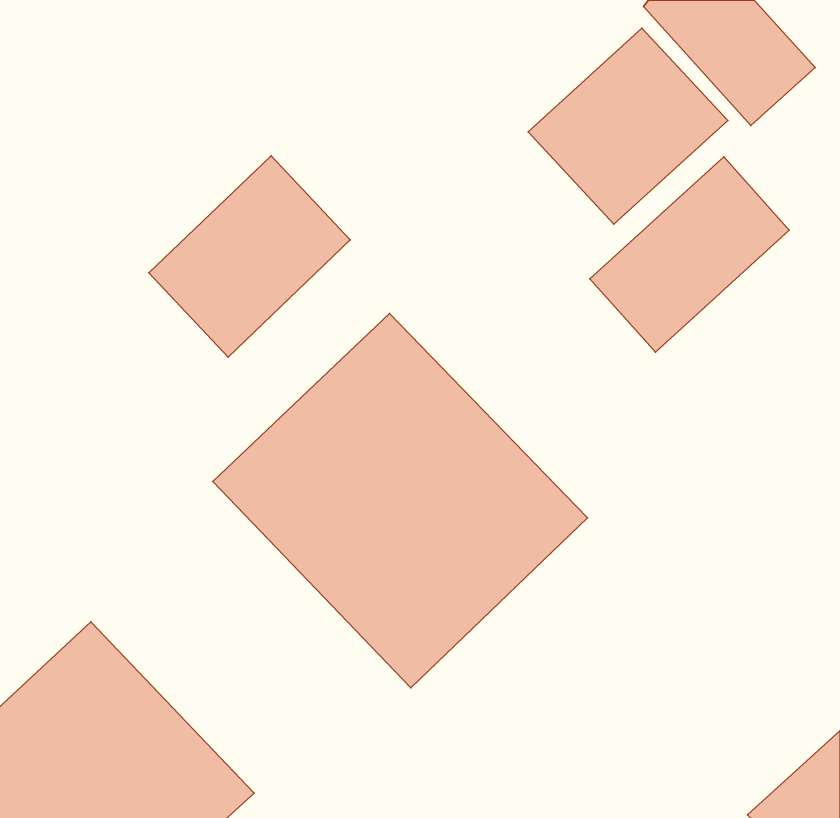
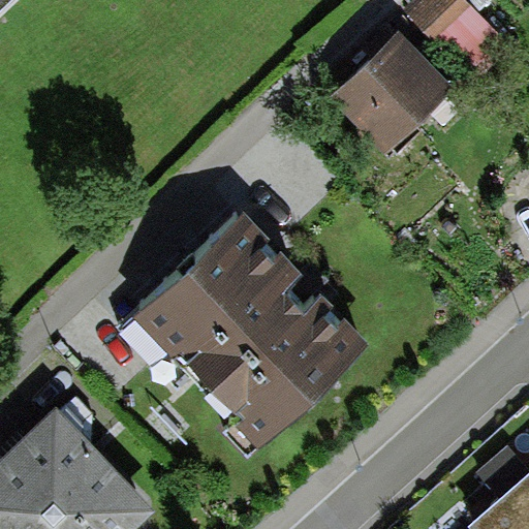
building: [149,156,350,357] -> none
building: [590,157,789,352] -> none

